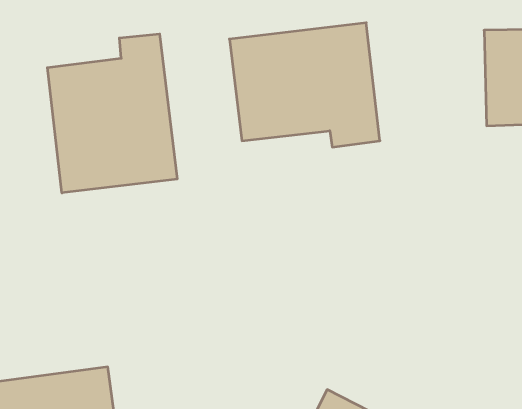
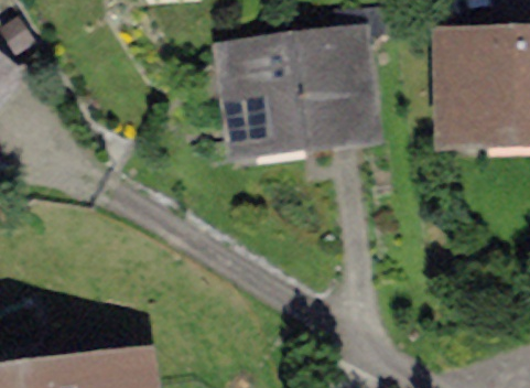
building: [47,34,177,193] -> none

